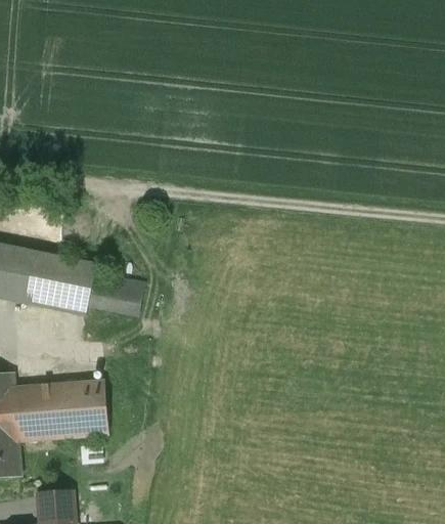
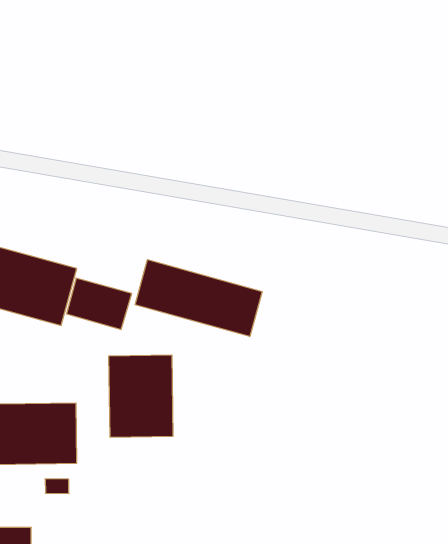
building: none -> [135,260,262,337]
building: none -> [109,355,173,437]

